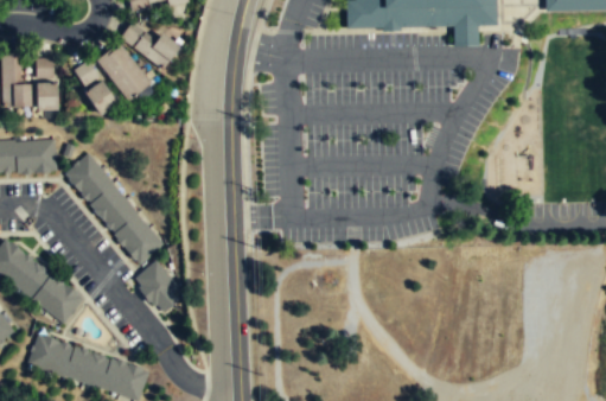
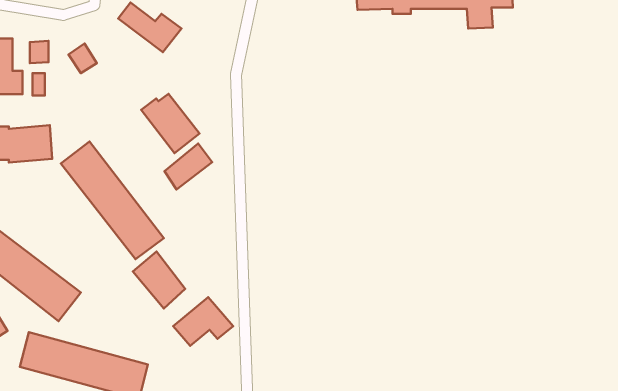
building: [96,44,152,101] -> [141,94,199,153]
building: [87,82,119,116] -> none
building: none -> [165,144,212,189]
building: none -> [173,297,233,346]

